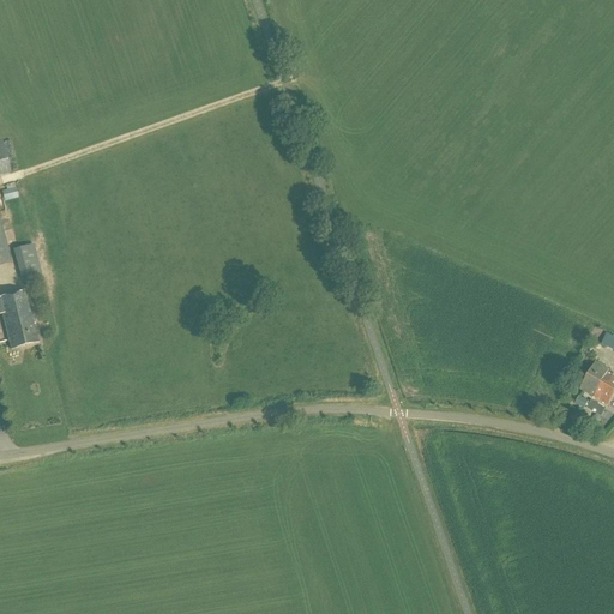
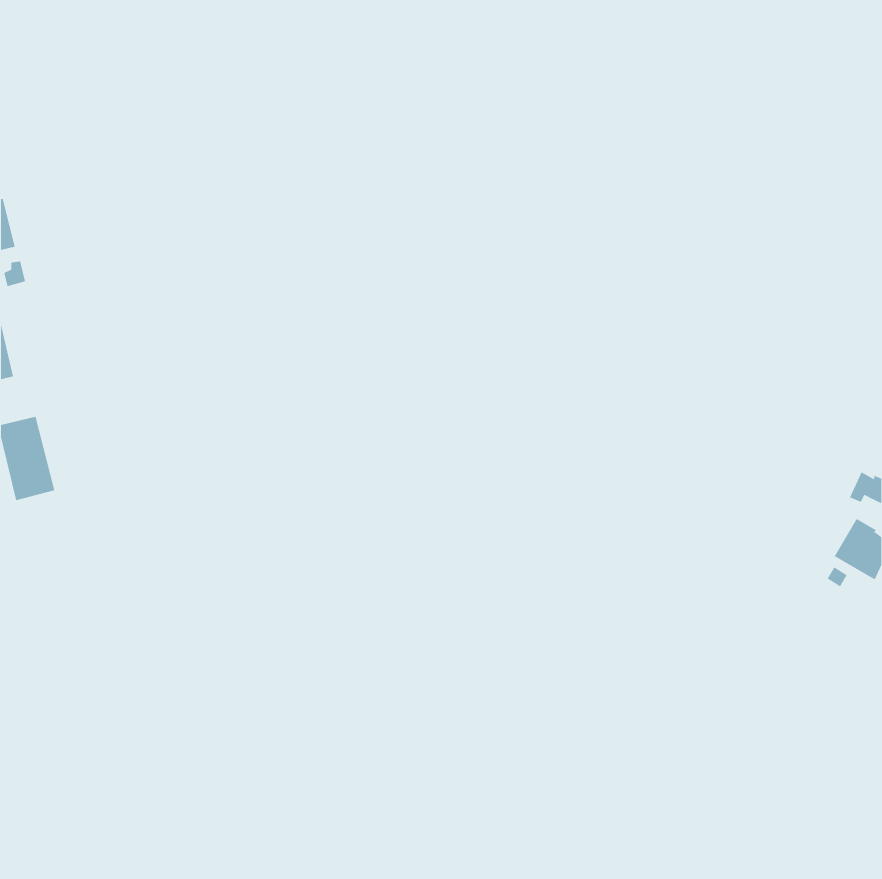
building: [13,242,42,278] -> none

